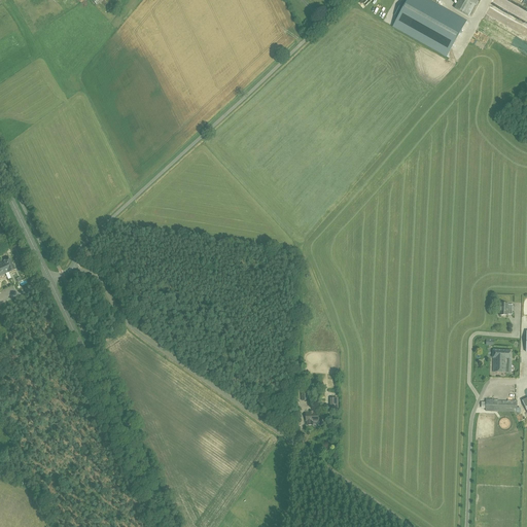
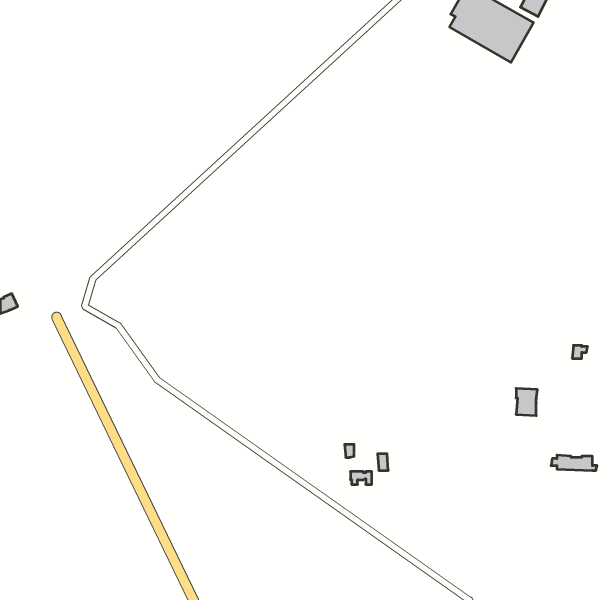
building: [493,348,512,372] -> [516,388,537,416]

